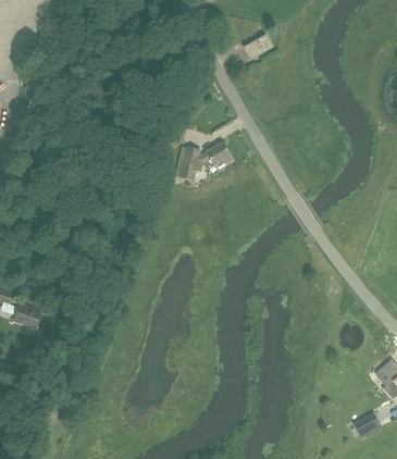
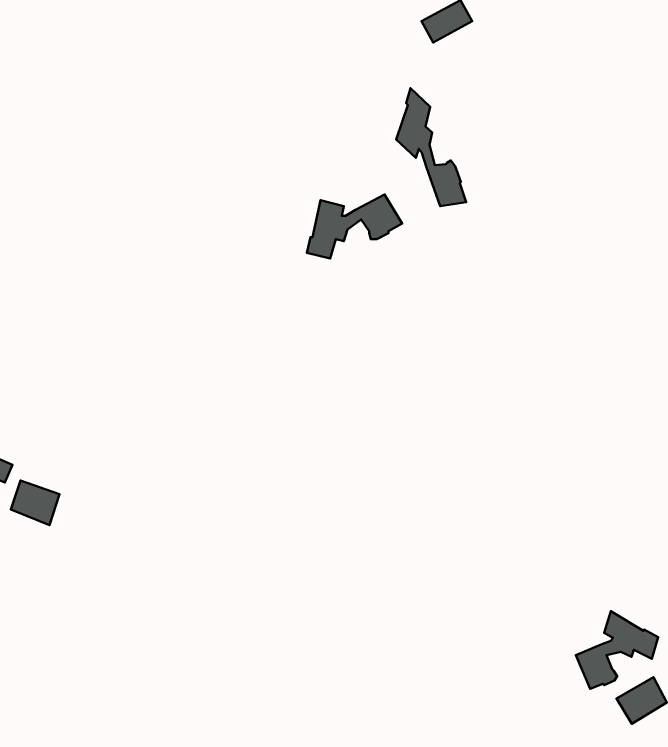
building: none -> [396,88,466,206]
building: none -> [576,611,658,689]

